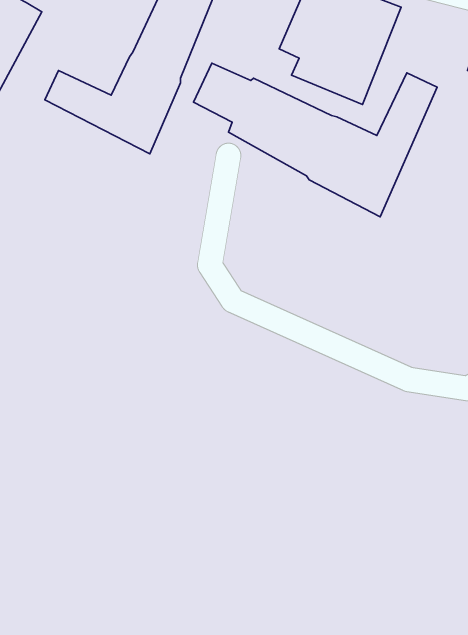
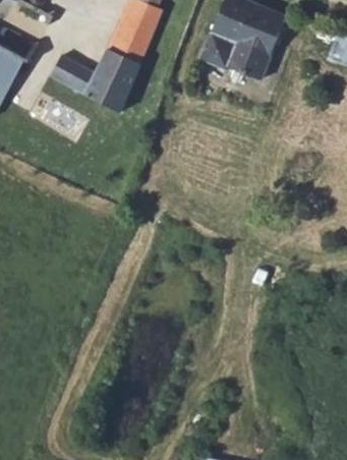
building: [194,63,437,217] -> none

